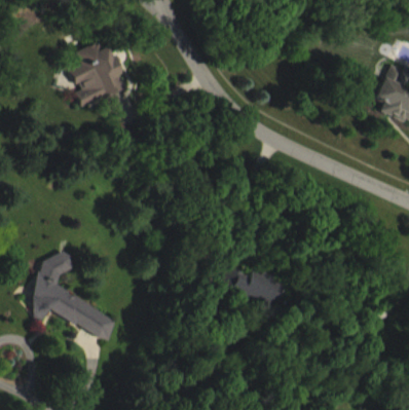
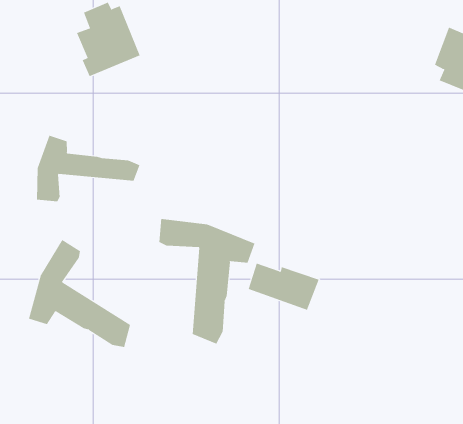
building: none -> [37,135,140,202]
building: none -> [159,218,255,345]

